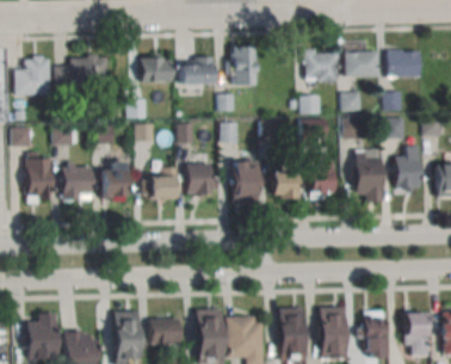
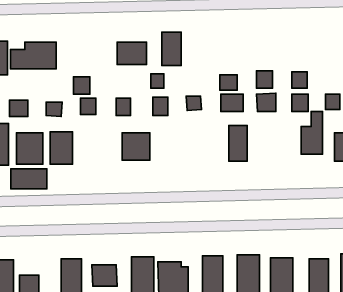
building: [304,49,340,81] -> none
building: [388,50,422,78] -> none
building: [346,51,379,78] -> none
building: [142,57,173,82] -> none
building: [357,149,383,202] -> none
building: [233,161,260,204] -> none
building: [150,167,177,199] -> none
building: [272,171,301,198] -> none
building: none -> [11,169,47,189]

